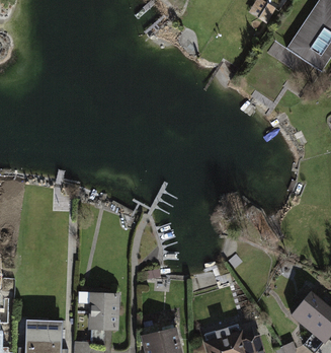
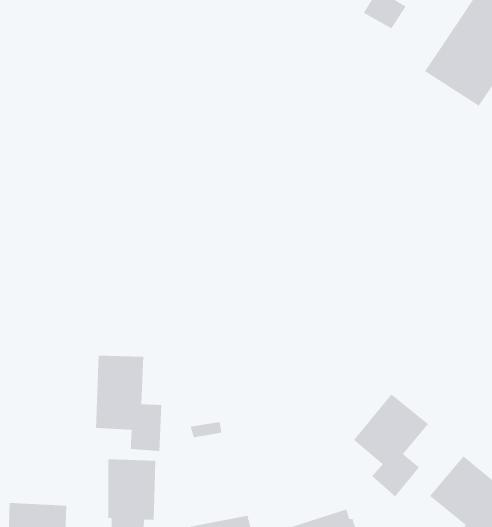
building: none -> [95,355,162,452]
building: none -> [353,394,429,497]

